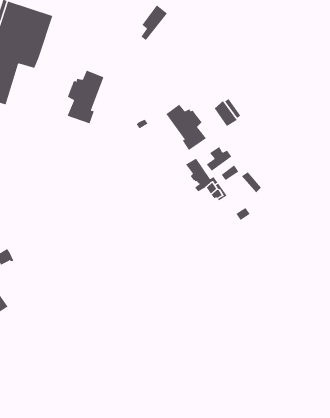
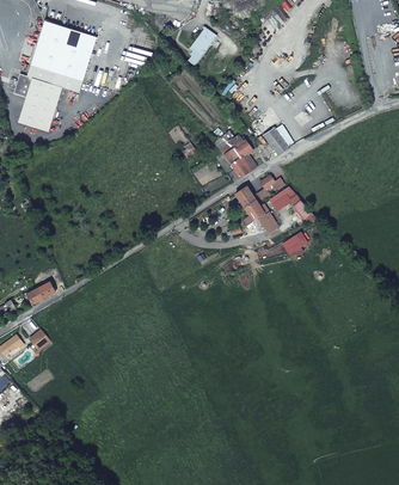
building: [67,70,104,124] -> none

